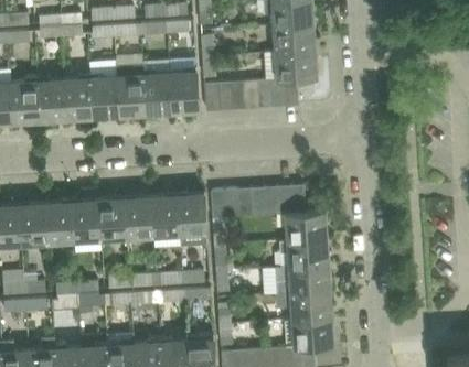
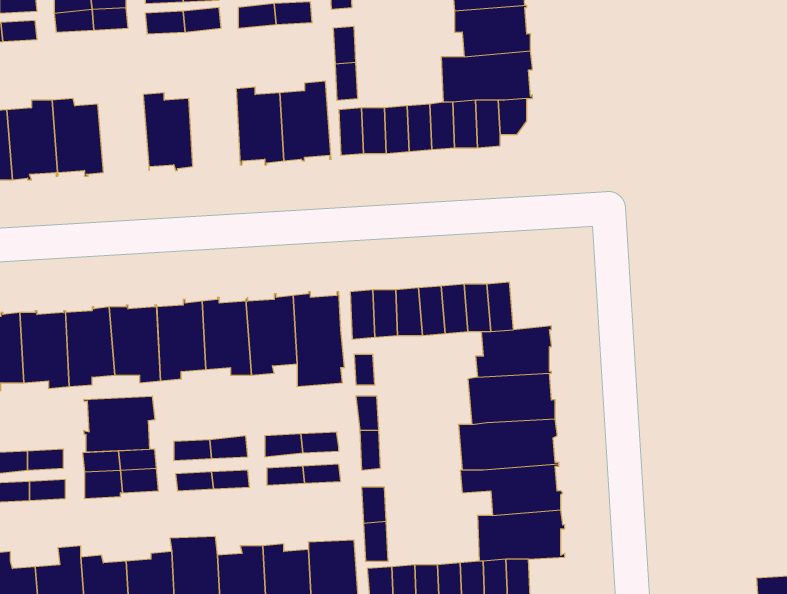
building: [116,63,147,118] -> none
building: [64,75,94,121] -> none
building: none -> [84,396,155,452]

